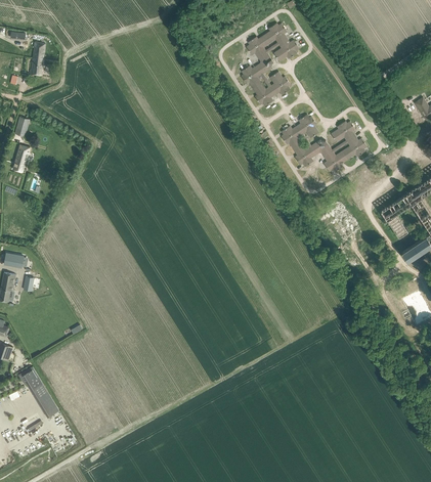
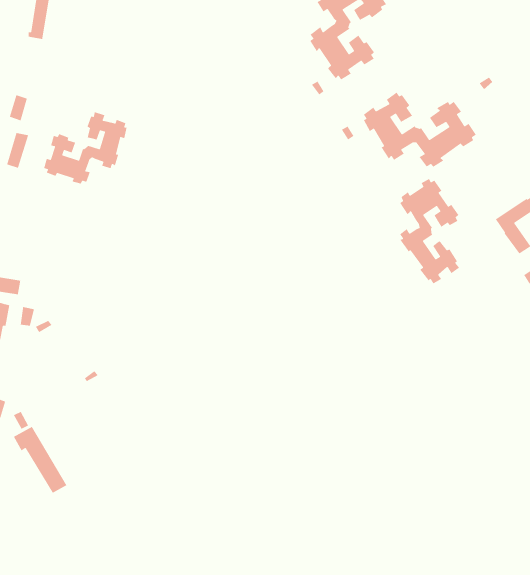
building: none -> [43,111,128,185]
building: none -> [399,178,460,284]

